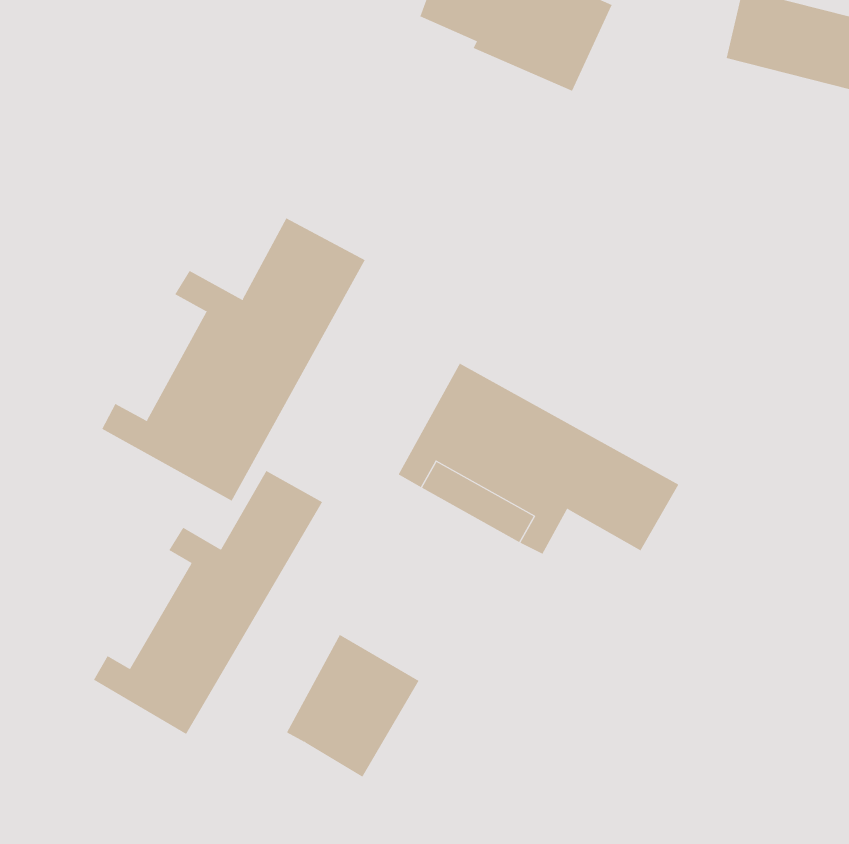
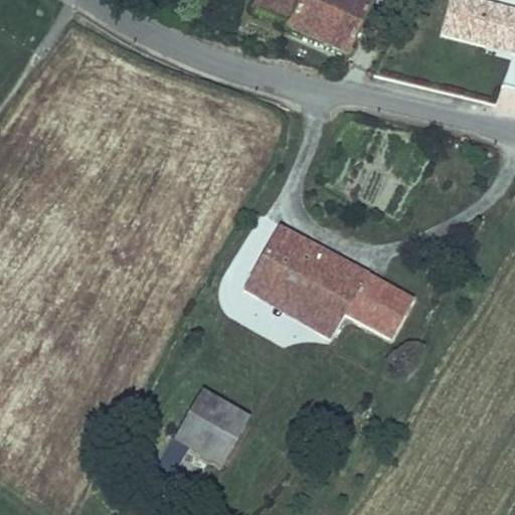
building: [101,218,365,501] -> none
building: [93,470,323,735] -> none

